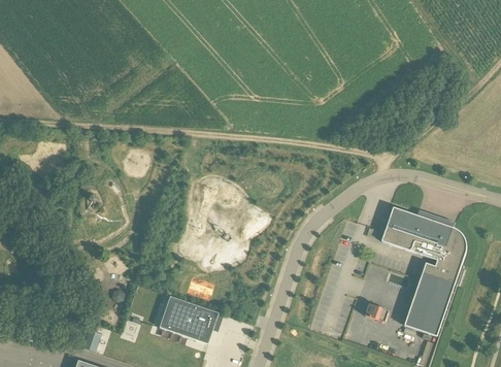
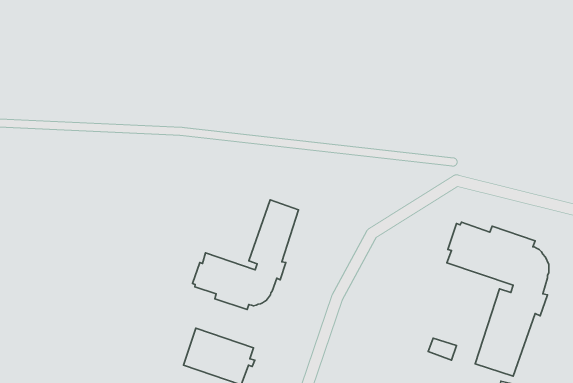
building: none -> [193,200,298,310]

